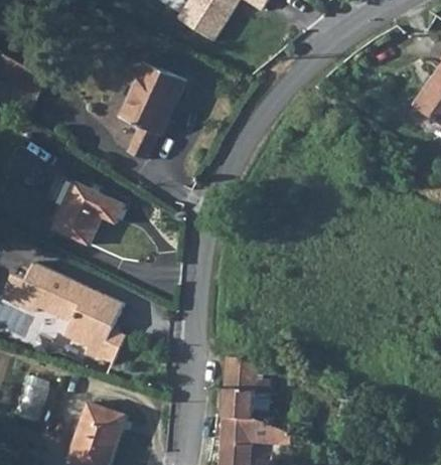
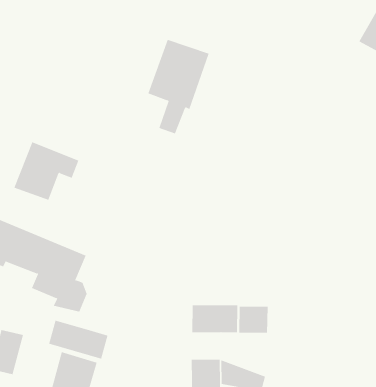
building: [115,61,180,159] -> [148,39,209,134]
building: none -> [48,320,108,359]
building: [222,388,254,417] -> [238,306,268,333]

